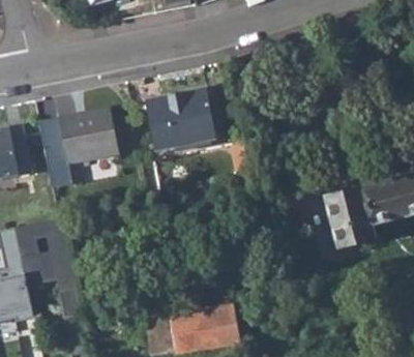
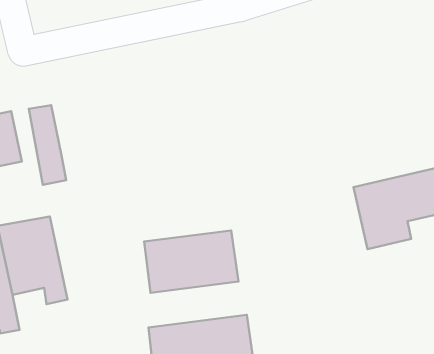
building: [145,89,214,150] -> none
building: [57,109,117,163] -> none
building: none -> [144,231,238,293]

